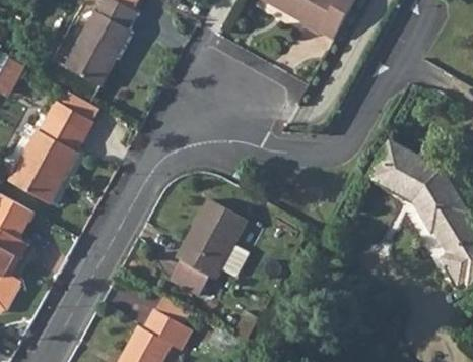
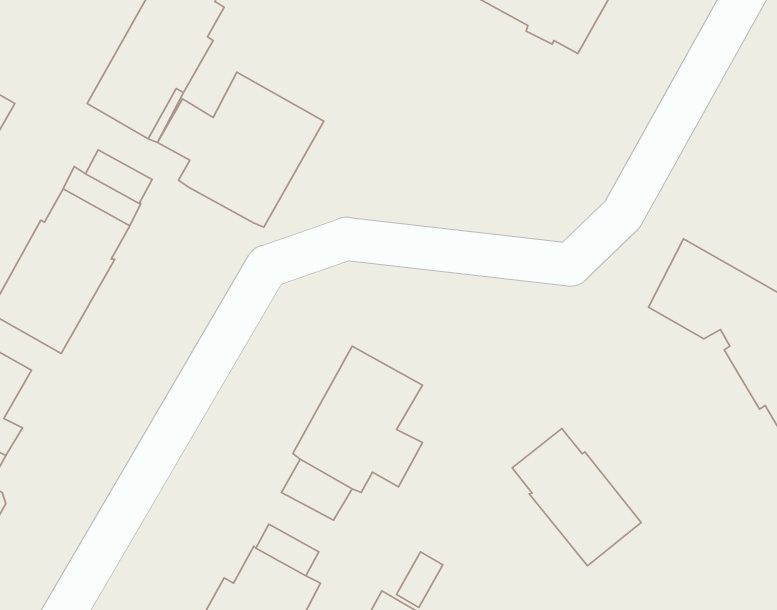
building: none -> [158,72,324,227]
building: none -> [512,428,641,566]

